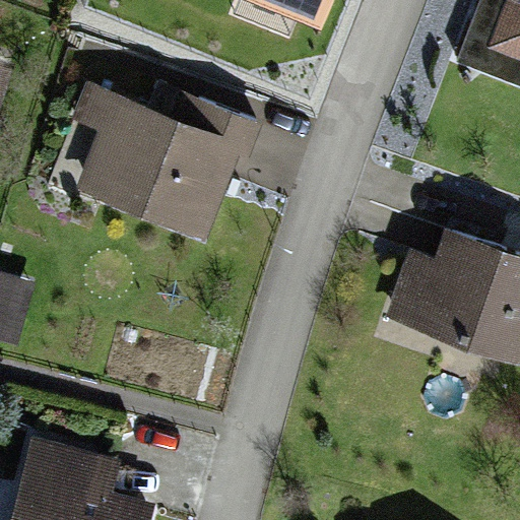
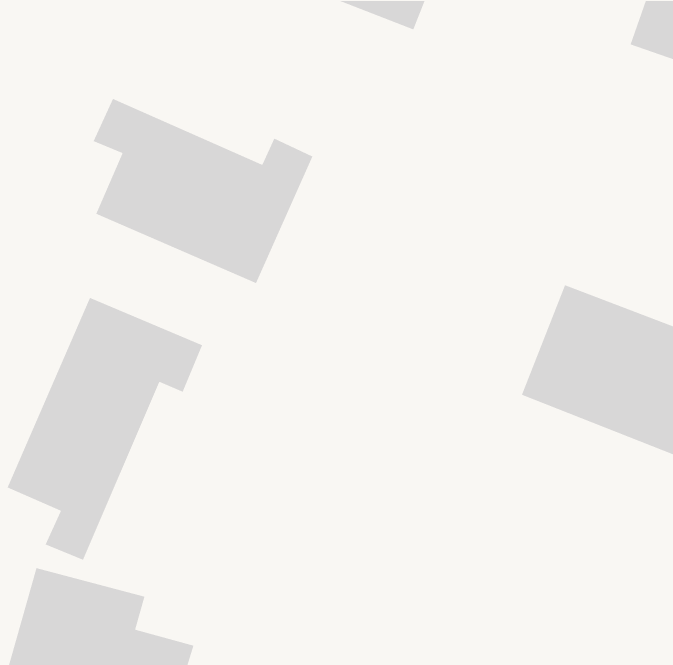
building: none -> [6,297,203,561]

